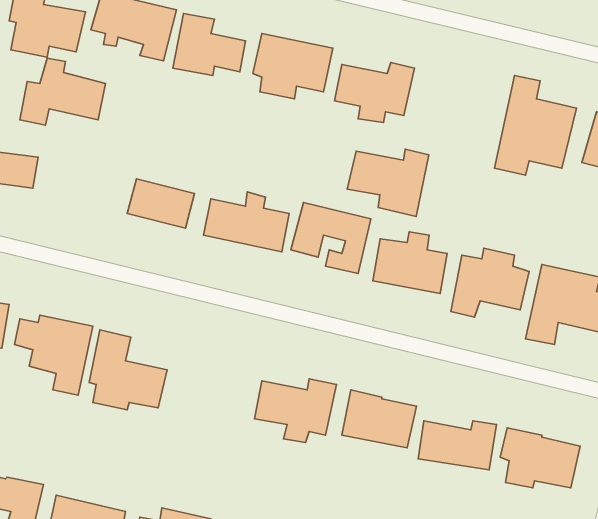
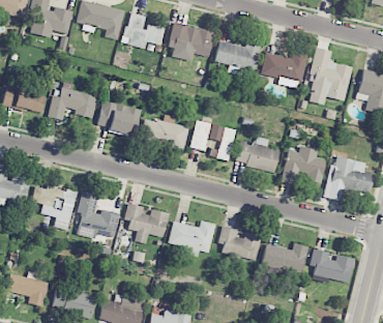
building: [20,58,105,125] -> [48,82,96,120]
building: [347,149,429,217] -> [260,52,306,90]
building: none -> [124,204,169,243]

